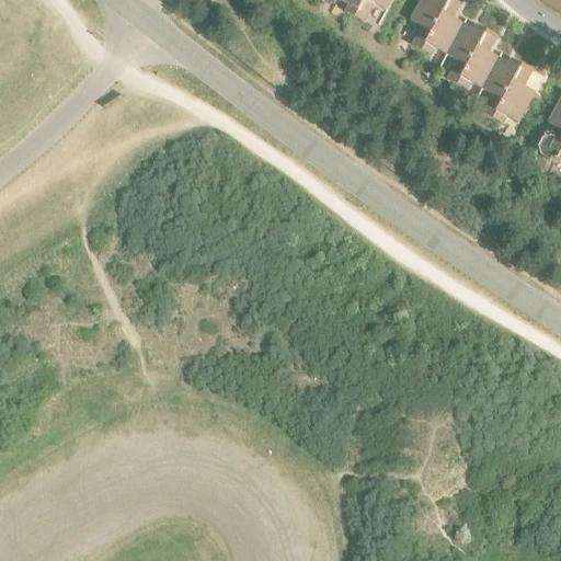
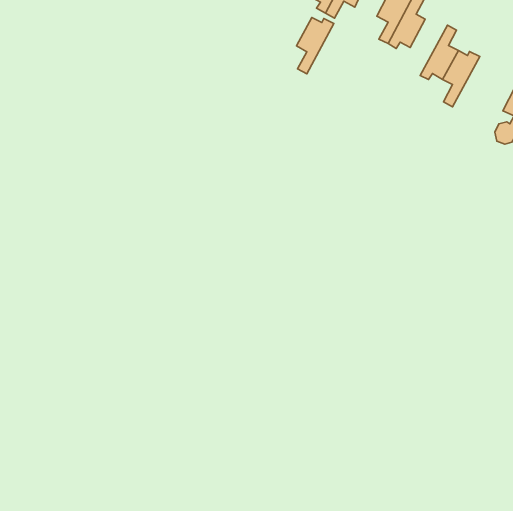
building: [448,21,489,82] -> [297,17,334,74]
building: [494,61,536,121] -> none

